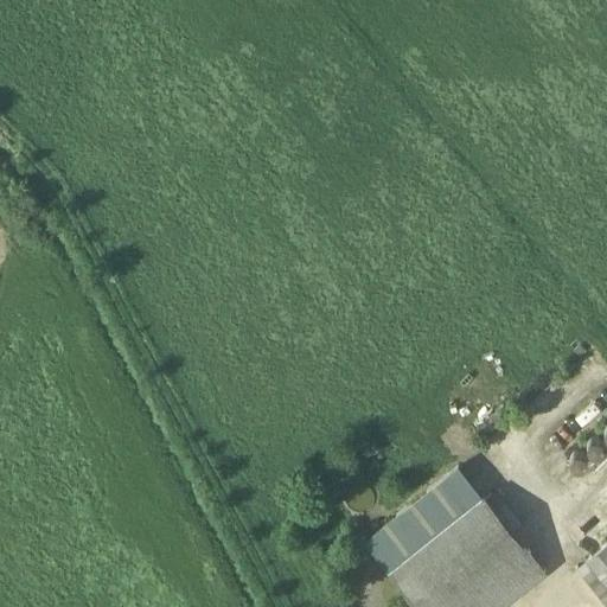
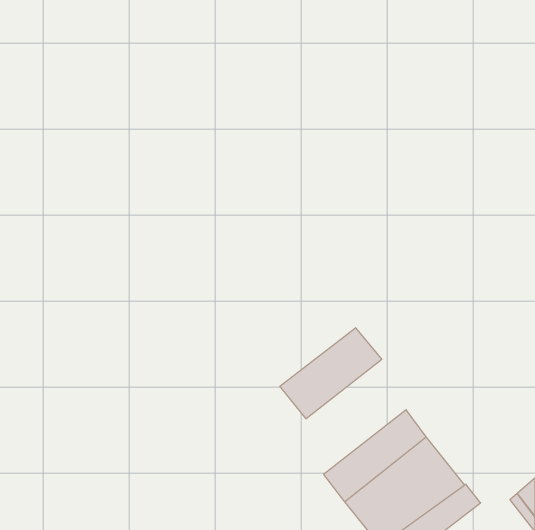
building: none -> [280,328,382,419]

